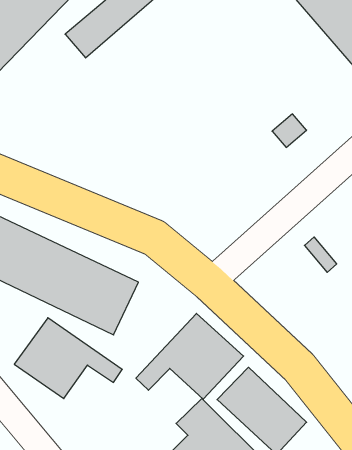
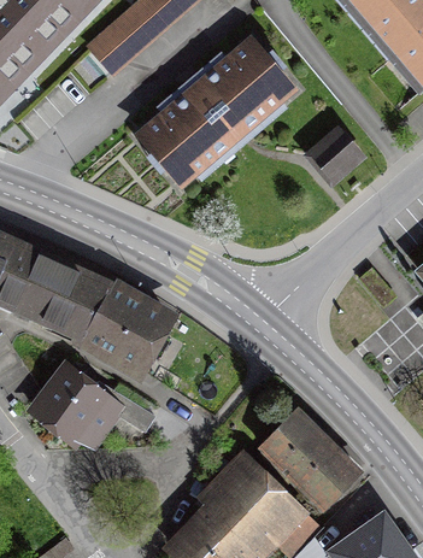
building: none -> [142,39,292,178]
building: [136,313,244,399] -> none

